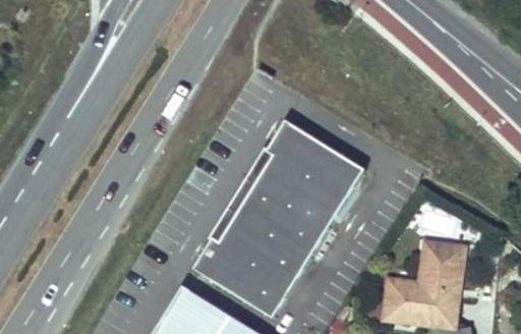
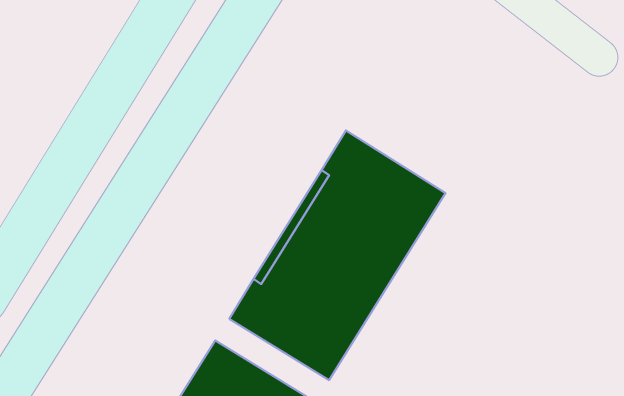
building: [382,239,462,325] -> none

